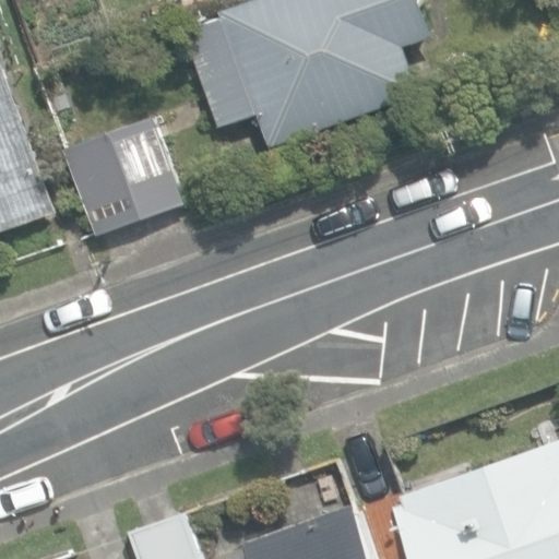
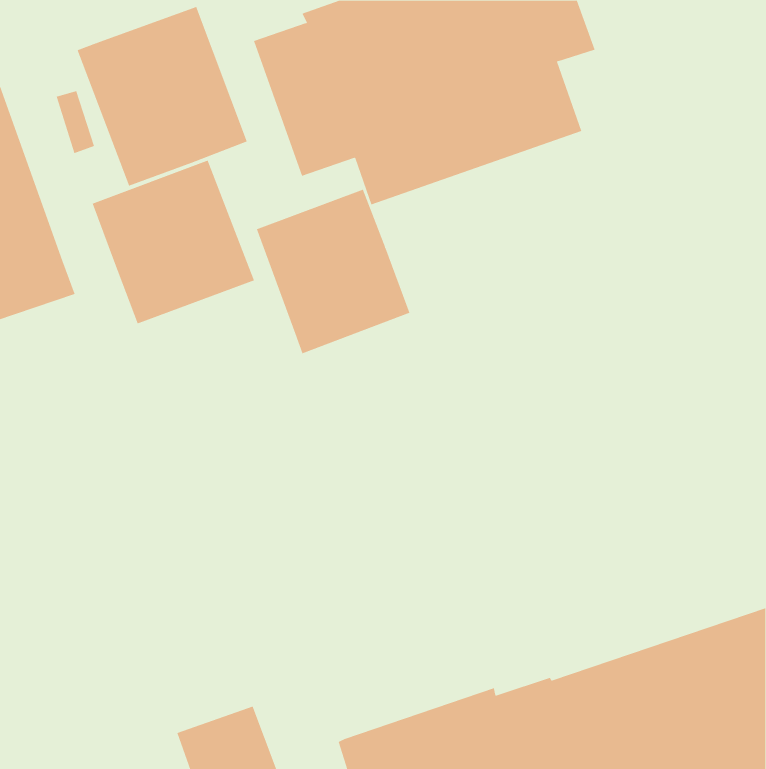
building: none -> [77,6,248,187]
building: none -> [256,189,410,354]

